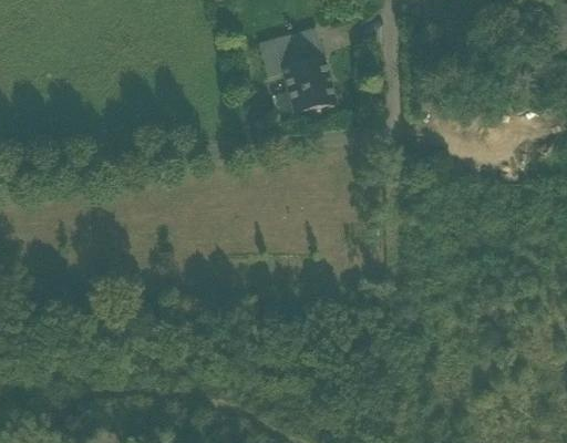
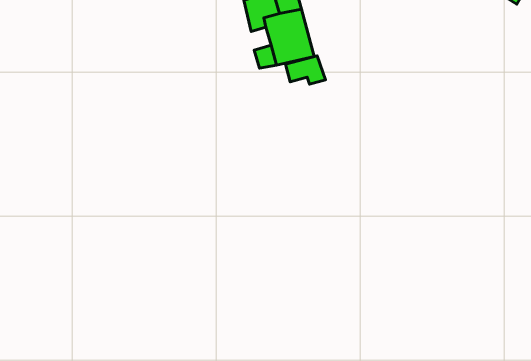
building: none -> [286,56,325,84]

